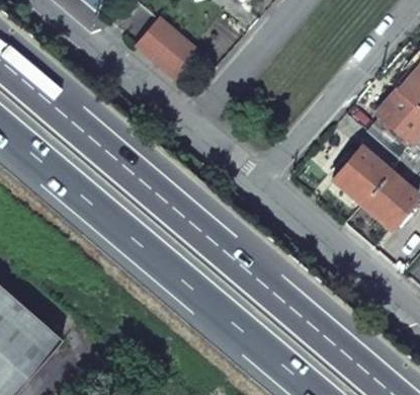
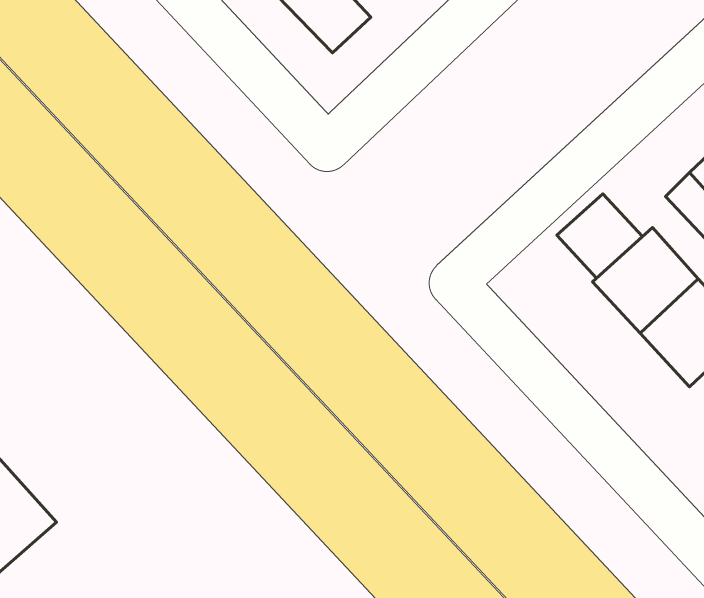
building: none -> [557,194,642,278]

